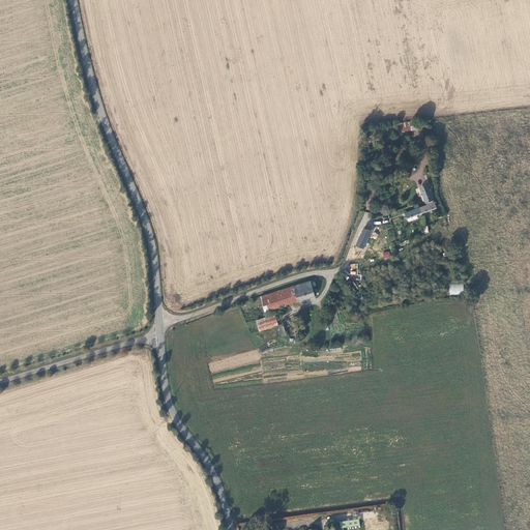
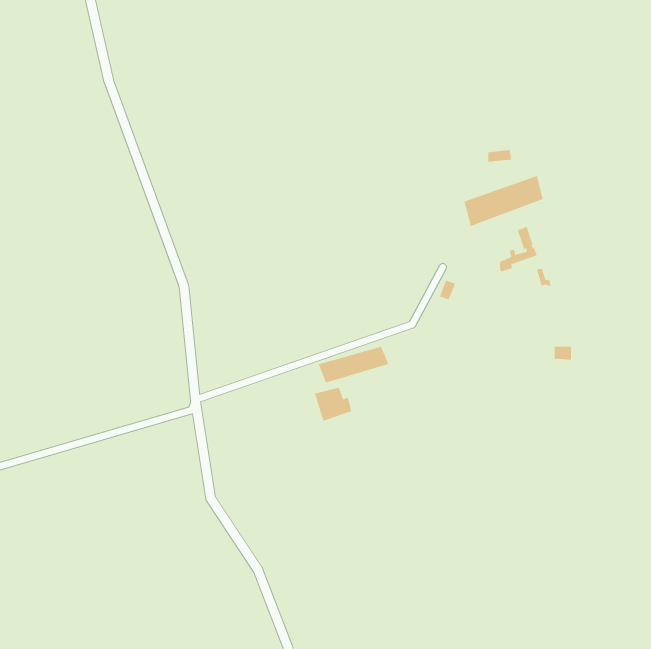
building: none -> [464,175,543,227]

